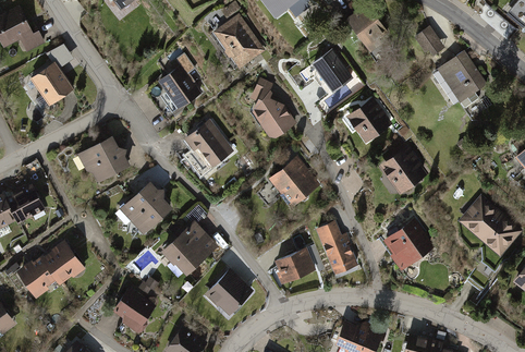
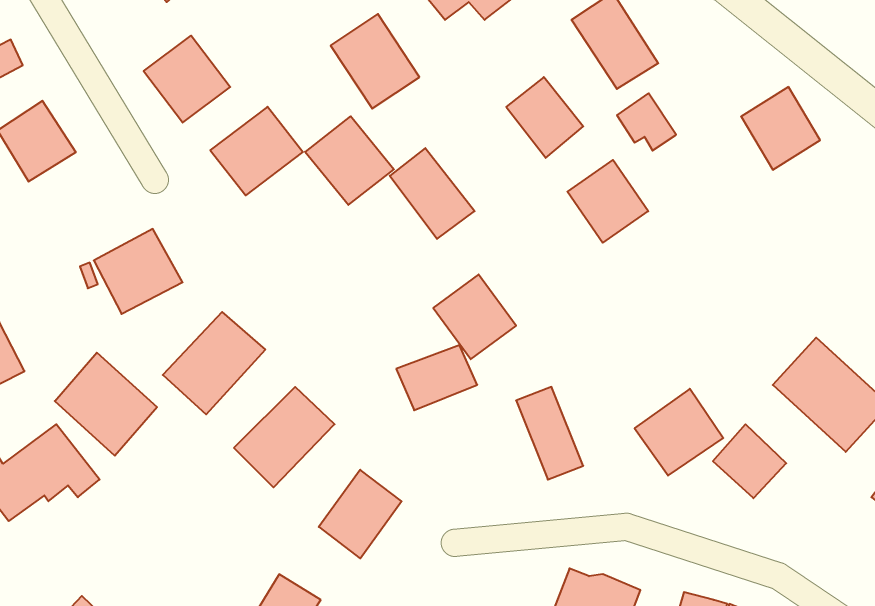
building: [411,25,443,57] -> [617,93,676,151]
building: none -> [144,36,230,123]
building: [184,118,233,167] -> [305,116,394,205]
building: [379,145,425,190] -> none
building: none -> [55,353,157,456]
building: none -> [713,424,786,498]
building: [273,247,318,283] -> [396,345,477,410]
building: [111,286,156,330] -> none

